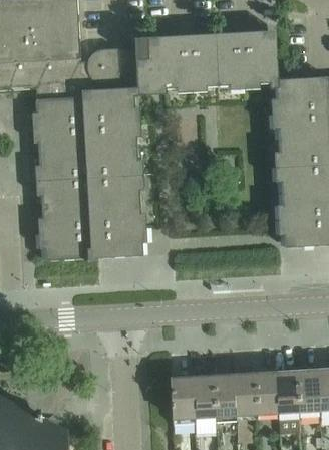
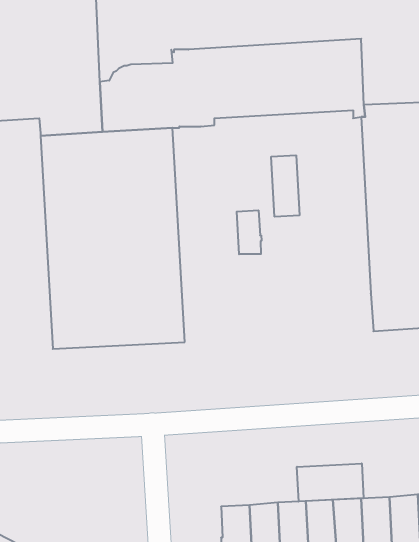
building: none -> [271,155,299,217]
building: none -> [237,210,262,254]
building: none -> [297,463,363,502]

